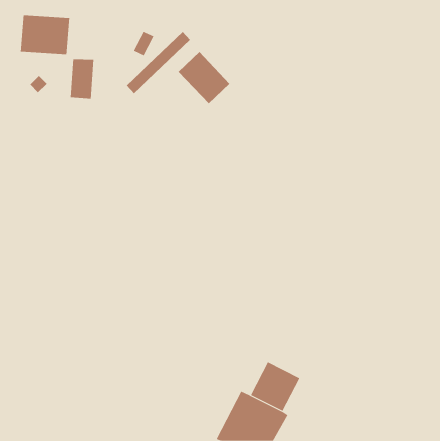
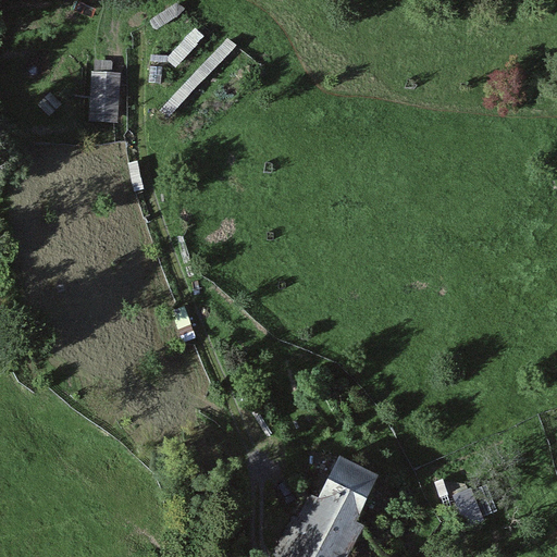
building: [20,15,70,55] -> none
building: [178,51,230,104] -> none

